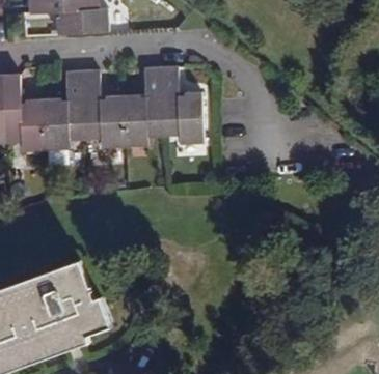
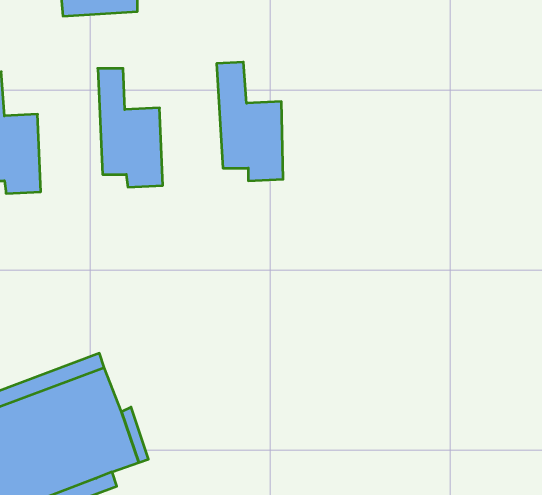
building: [123,66,164,146] -> none
building: [43,69,85,150] -> none

